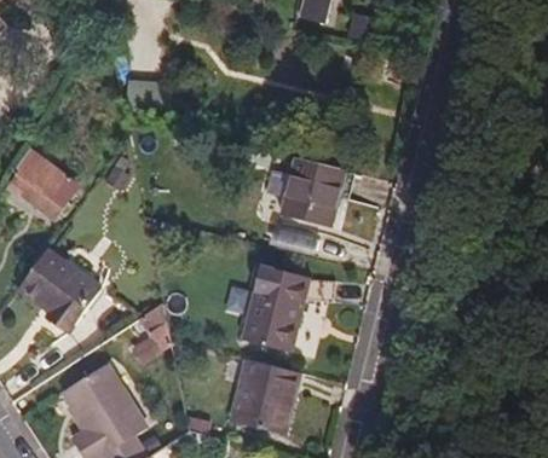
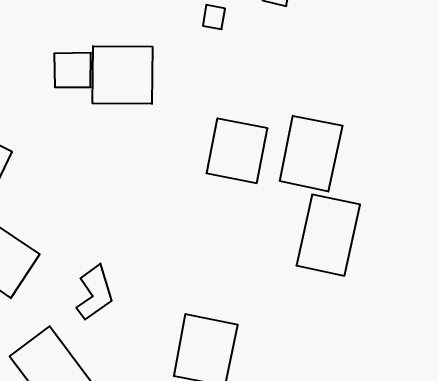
building: none -> [93,46,152,104]
building: none -> [280,116,343,192]
building: [237,266,307,353] -> [296,194,360,276]

